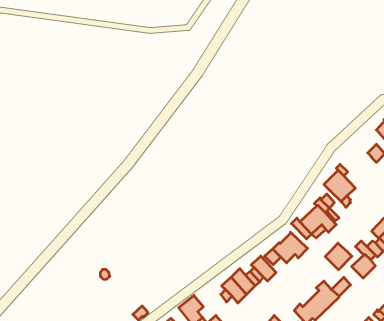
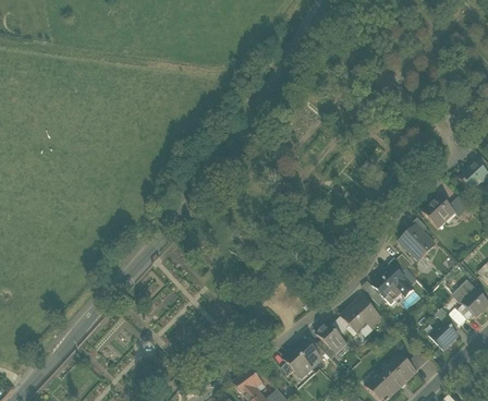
building: none -> [423,197,453,230]
building: [325,243,352,270] -> none

